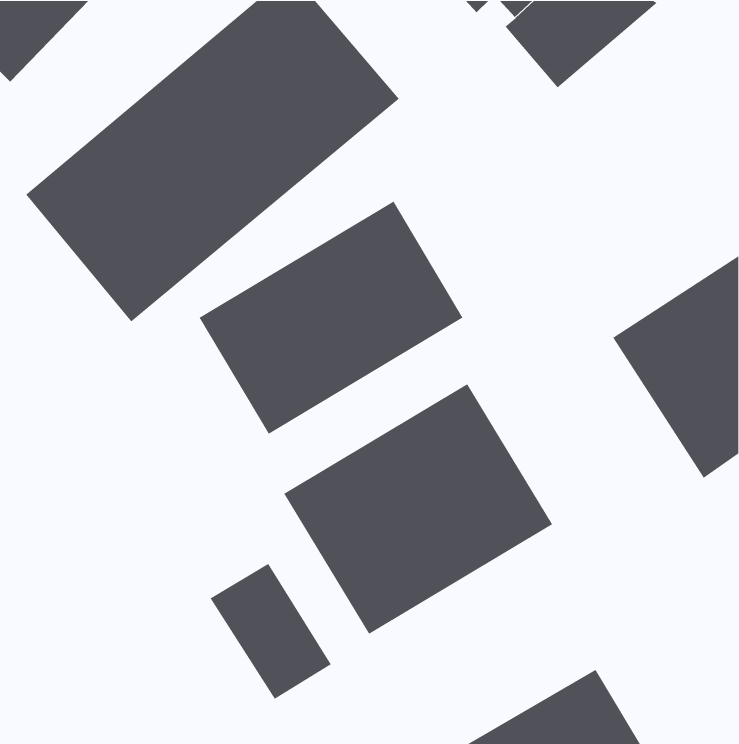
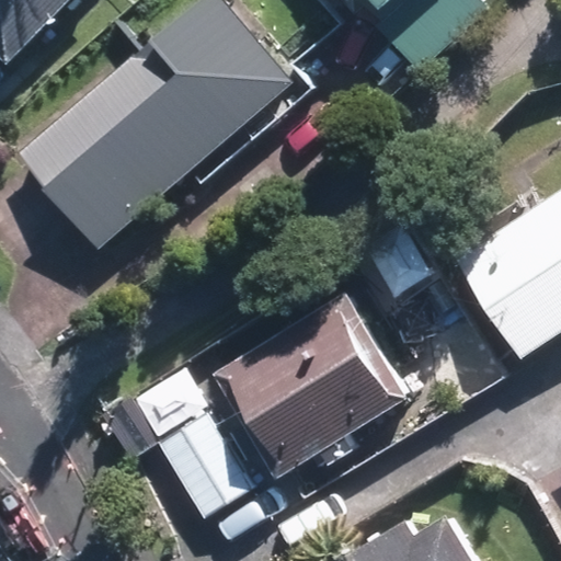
building: [199,201,464,435] -> none

